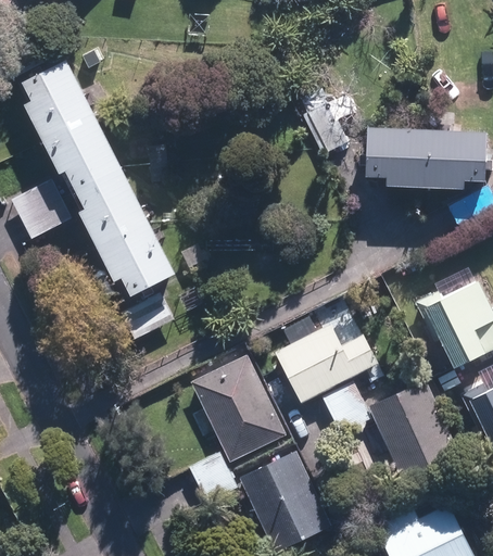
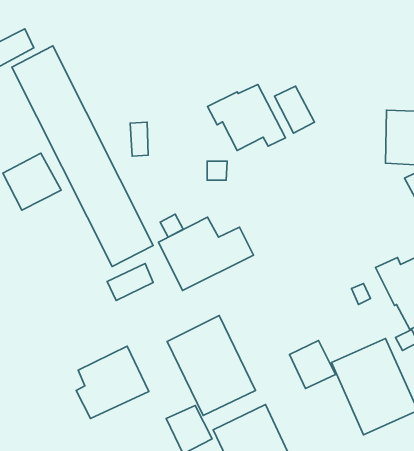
building: none -> [207,84,285,151]
building: [366,128,427,188] -> none
building: [276,323,379,402] -> [158,217,254,290]
building: none -> [76,346,149,418]

